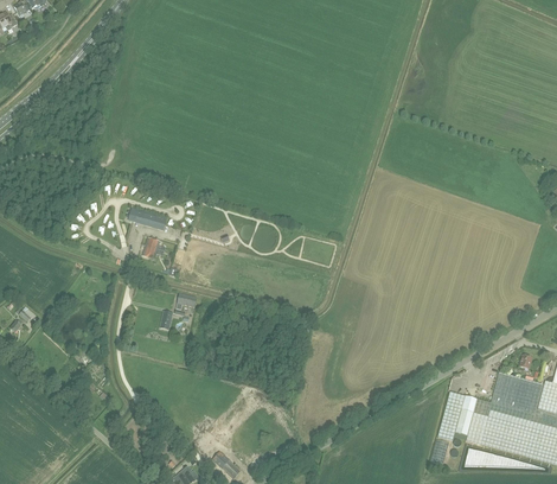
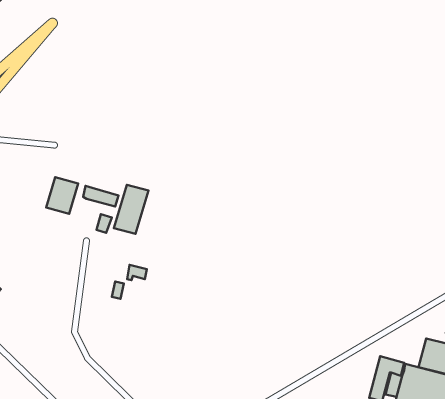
building: none -> [46,177,78,214]
building: none -> [114,185,149,234]

